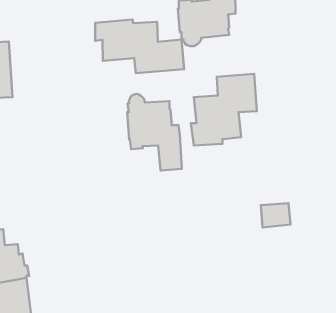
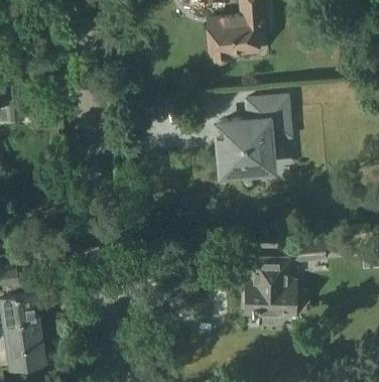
building: [95,20,184,73] -> none
building: [127,94,182,170] -> none
building: none -> [243,262,295,327]

